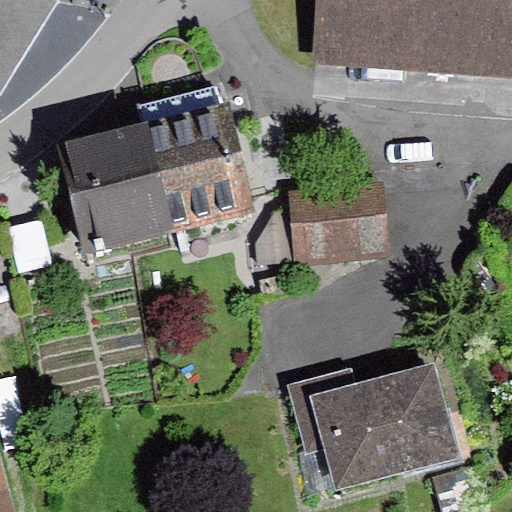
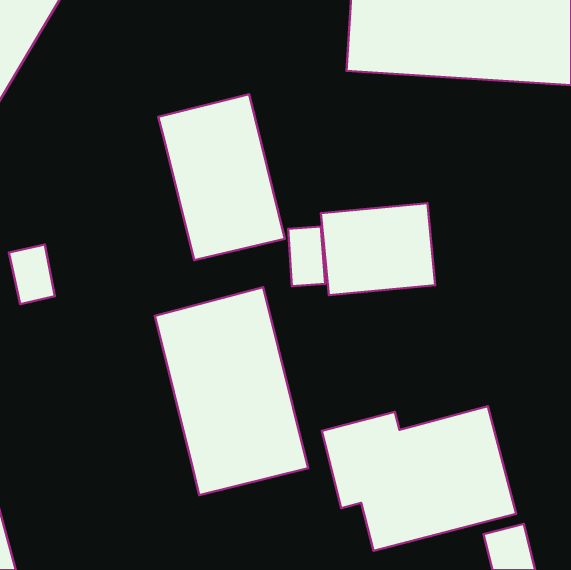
building: [56,123,173,255] -> none
building: none -> [155,287,308,495]

